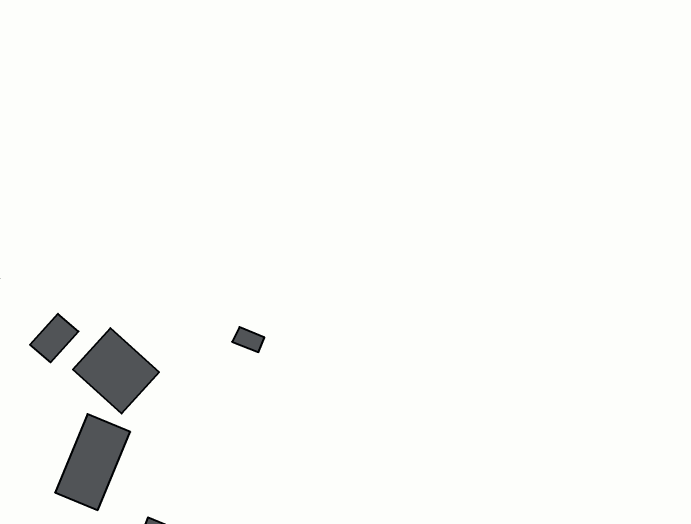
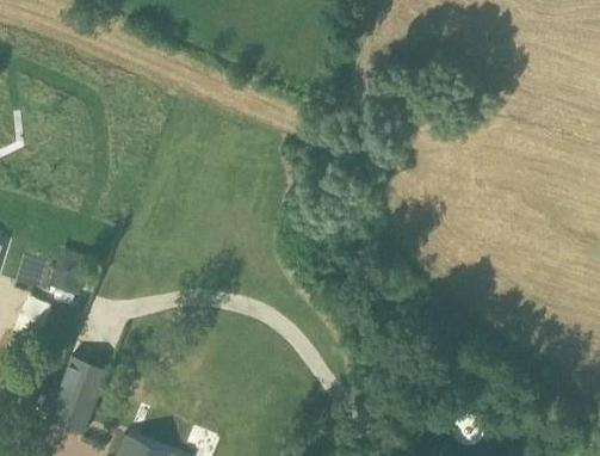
building: [73,328,159,414] -> none

